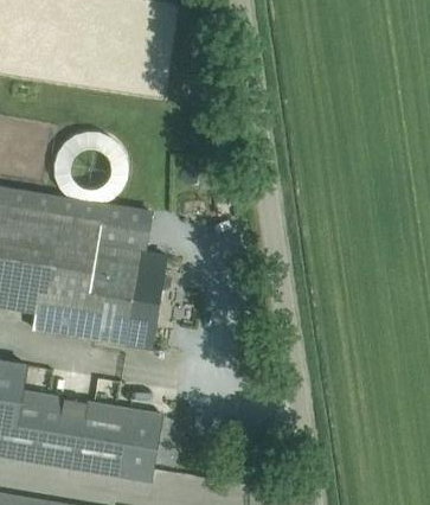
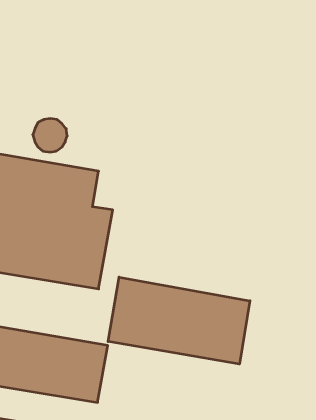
building: none -> [108,277,250,364]

